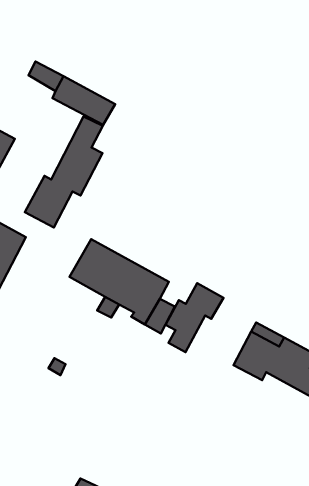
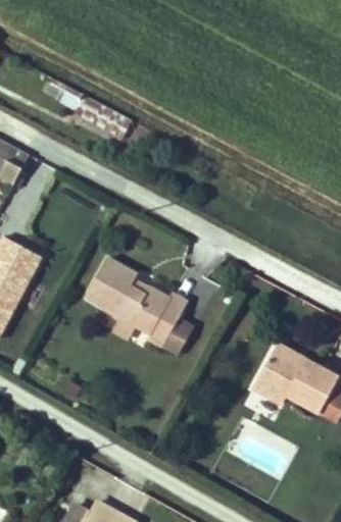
building: [25,116,103,227] -> none
building: [165,283,223,352] -> none

